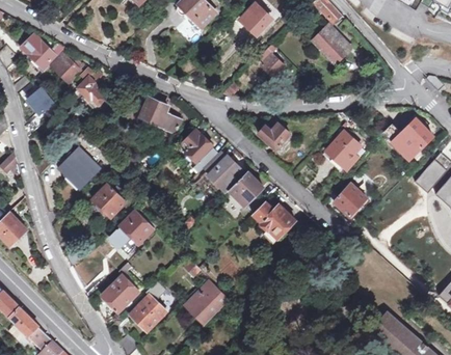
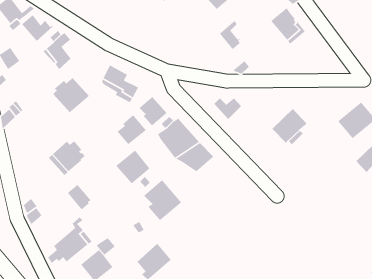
building: [59,147,99,186] -> [53,77,90,113]
building: none -> [116,114,147,145]
building: [333,184,366,216] -> none
building: [253,197,294,242] -> [143,179,182,221]
building: [121,208,158,245] -> [115,150,151,185]

